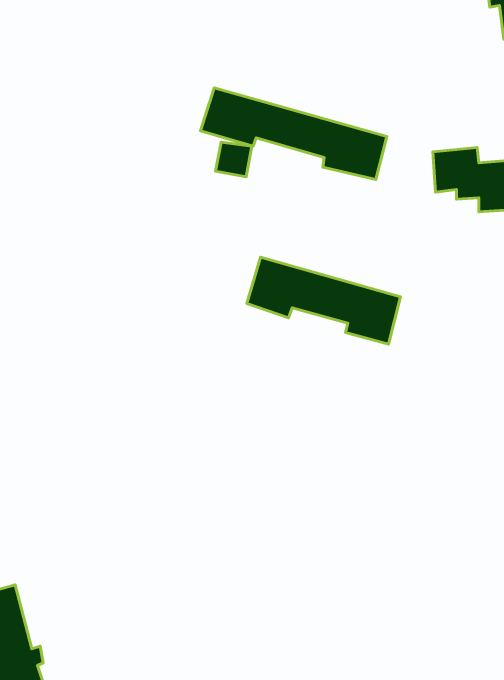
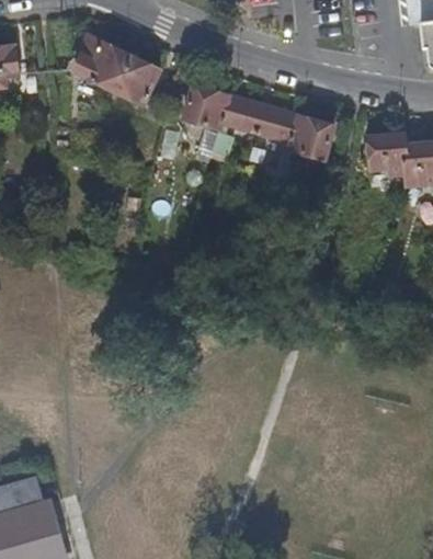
building: none -> [70,34,159,103]
building: [247,257,400,344] -> none

